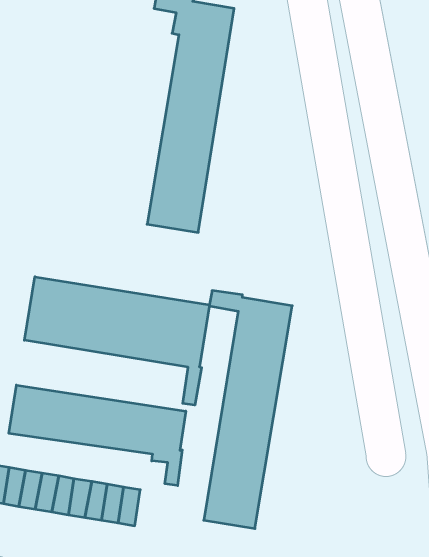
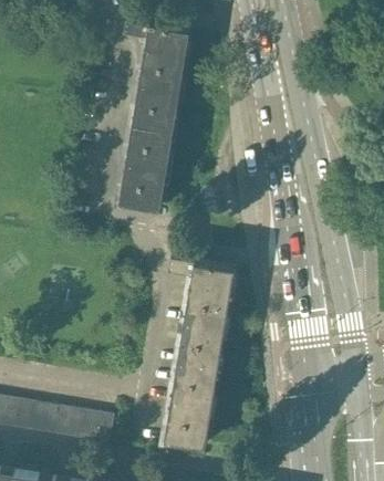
building: [24,277,209,405] -> none
building: [9,385,186,486] -> none

